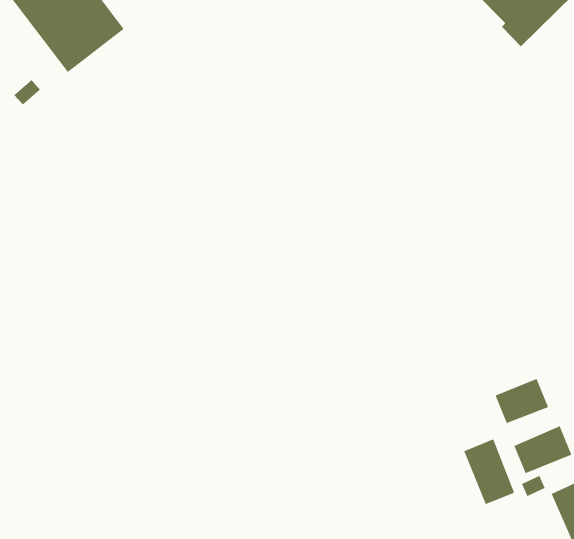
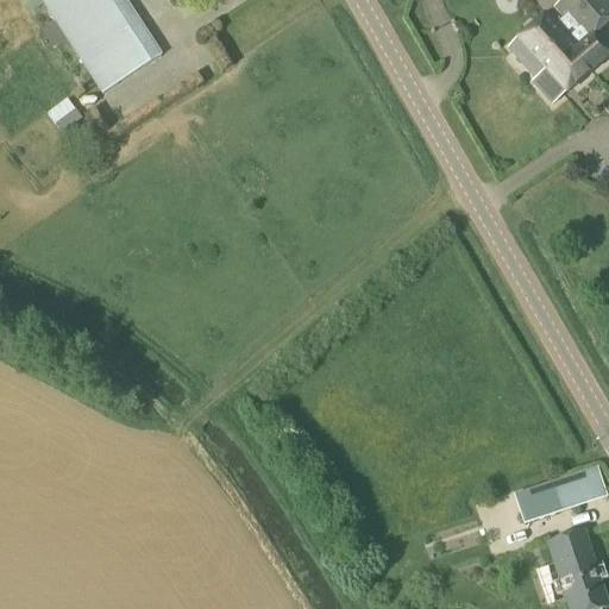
building: [495,378,549,424] -> none
building: [463,438,515,505] -> none

